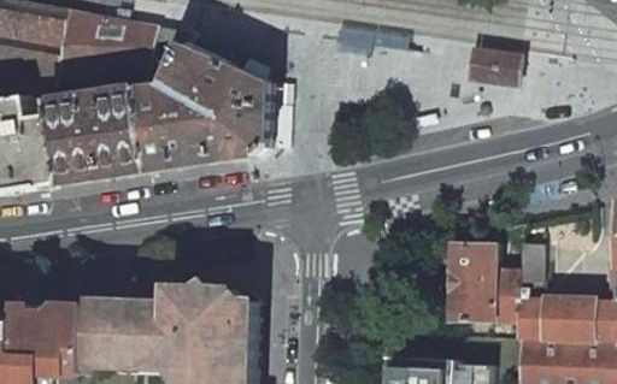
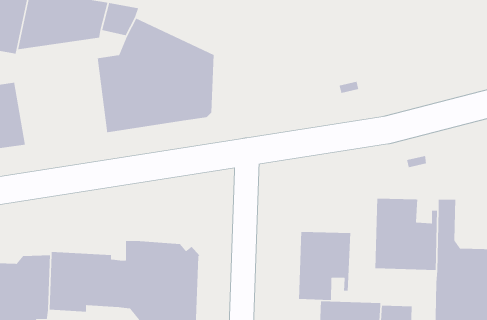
building: [463,48,512,83] -> none
building: [45,84,147,183] -> none
building: none -> [298,231,351,301]

